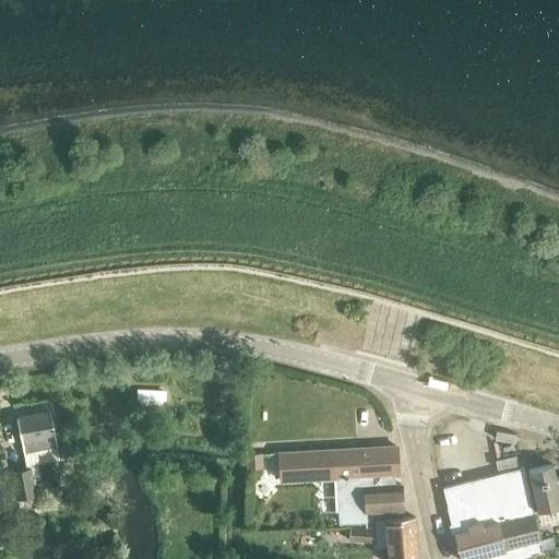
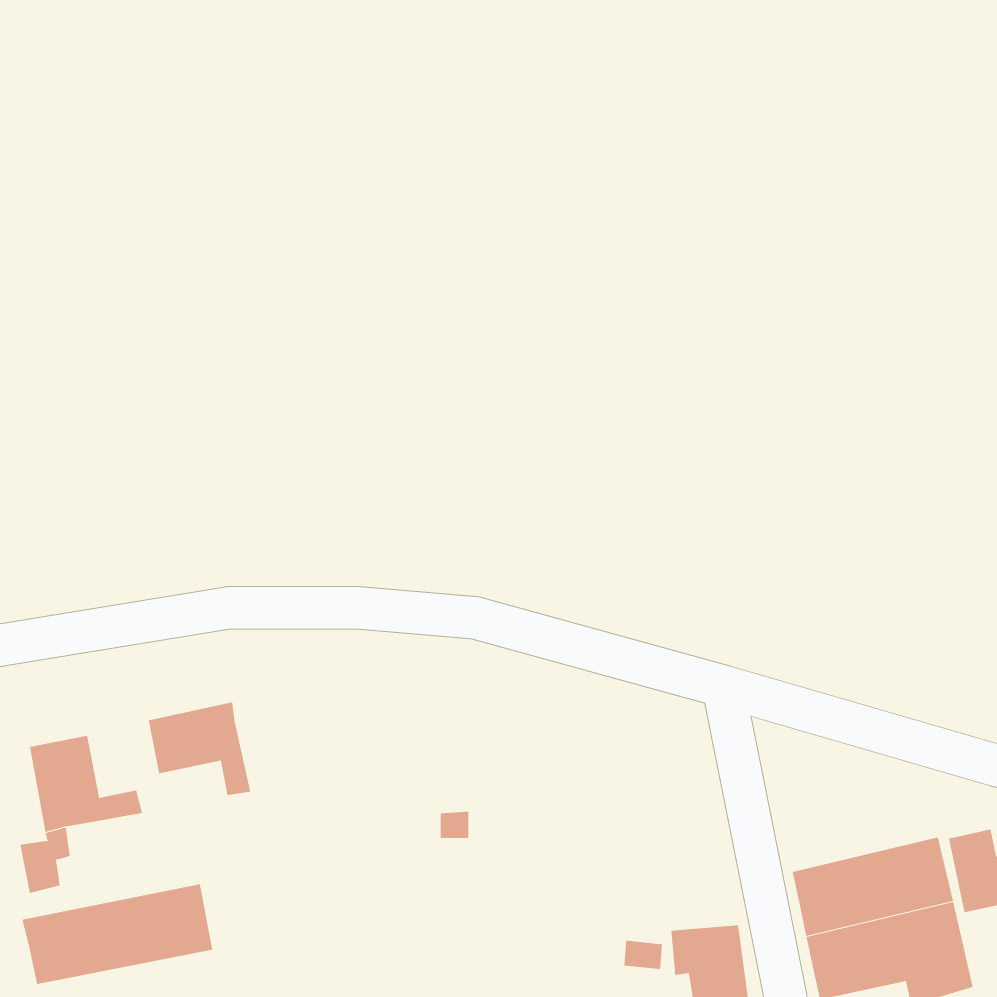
building: none -> [148,701,251,796]
building: [280,447,403,524] -> none
building: none -> [22,884,213,985]

